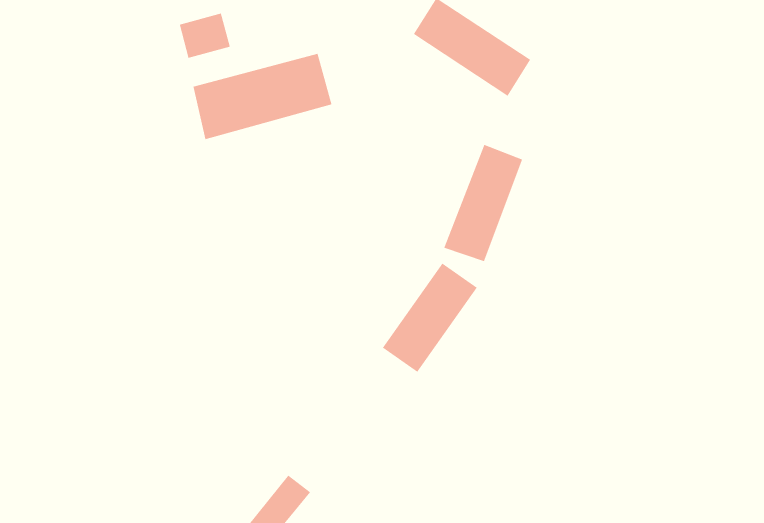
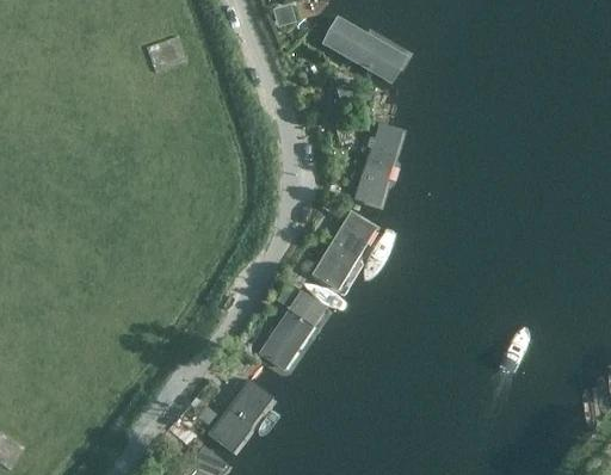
building: [192,53,333,140] -> none
building: none -> [259,292,334,381]

